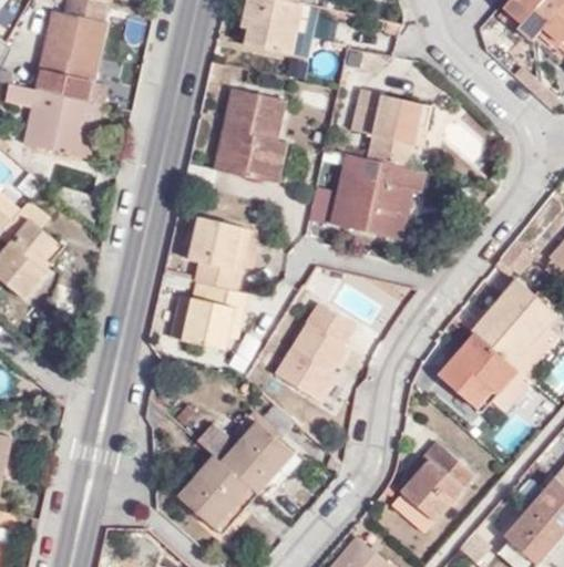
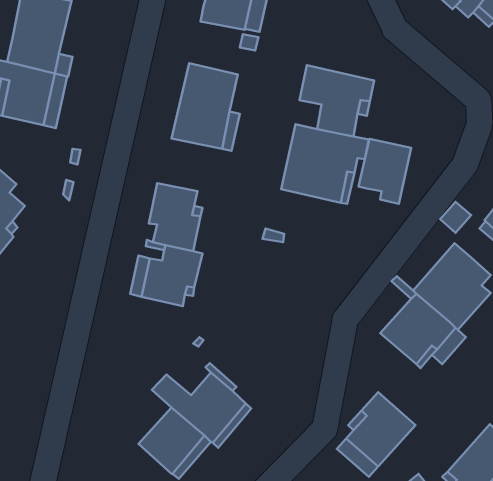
building: none -> [358,139,411,204]
building: [274,302,355,401] -> none

